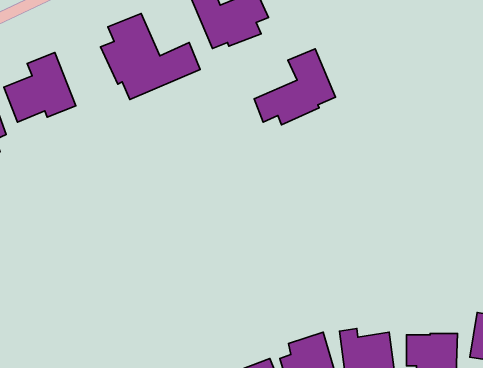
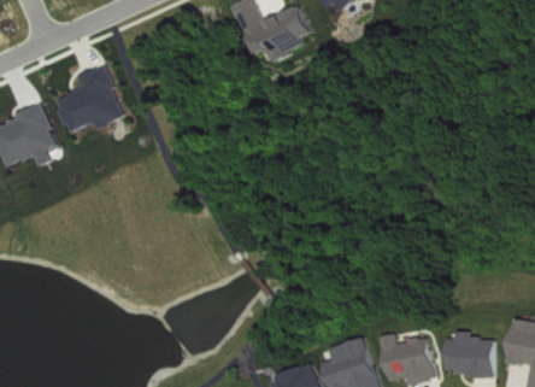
building: [101,14,200,99] -> none
building: [254,49,336,125] -> none

